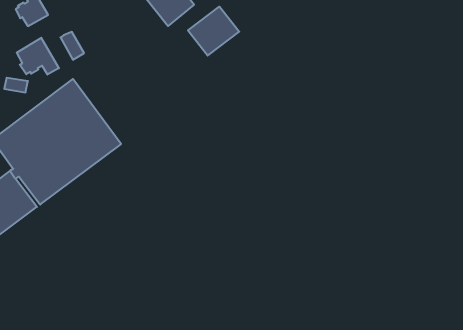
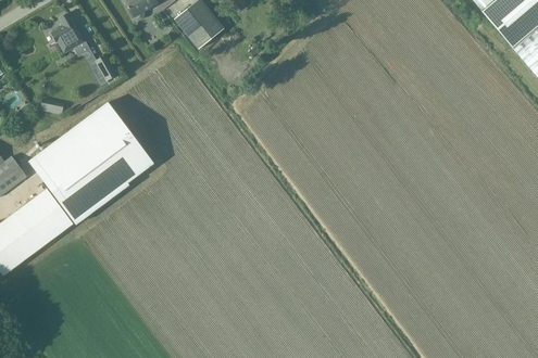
building: [188,7,239,56] -> none
building: [17,38,59,75] -> none

